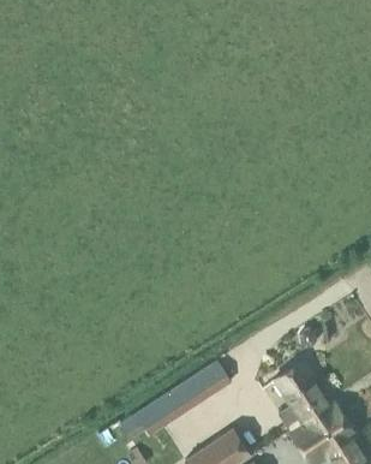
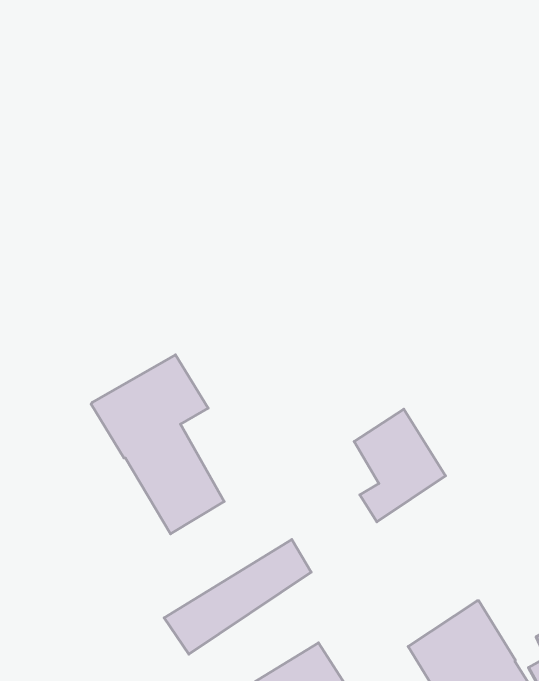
building: none -> [91,355,224,534]
building: [274,359,331,430] -> [354,409,446,522]

